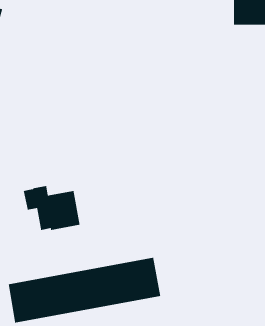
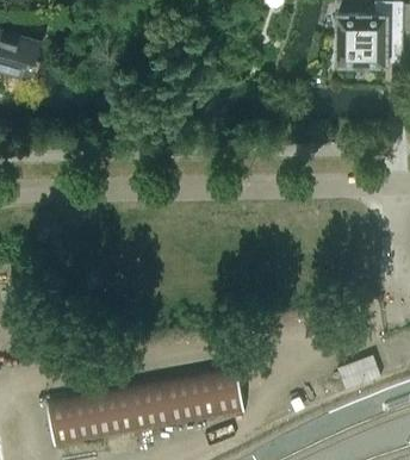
building: [23,185,81,231] -> none

